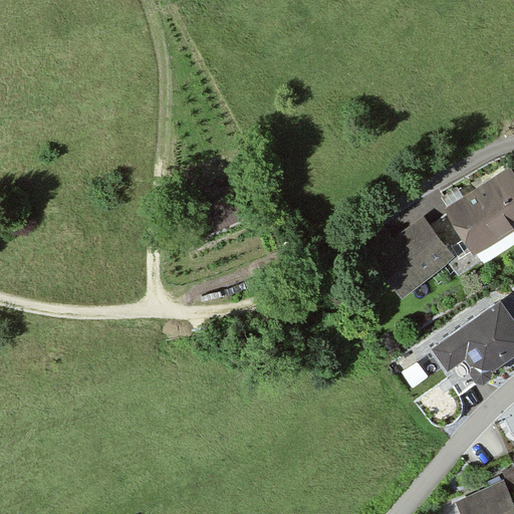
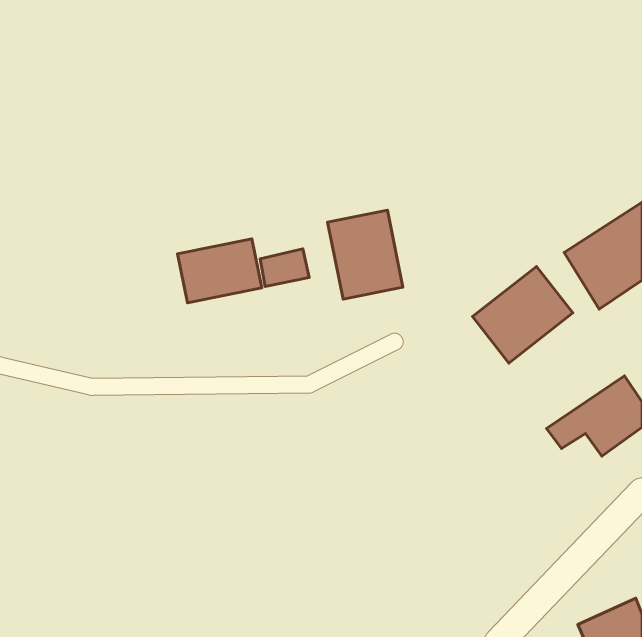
building: none -> [328,210,403,299]
building: none -> [178,239,262,303]

